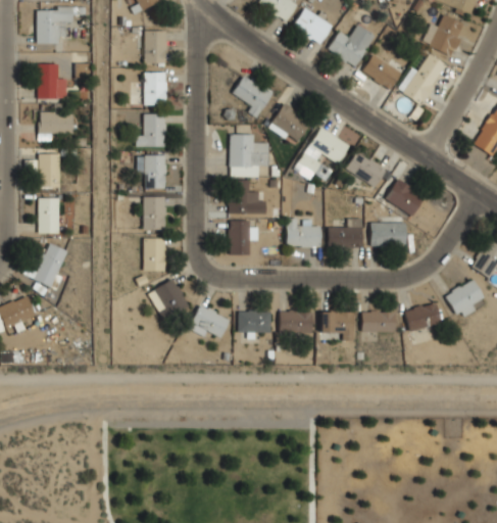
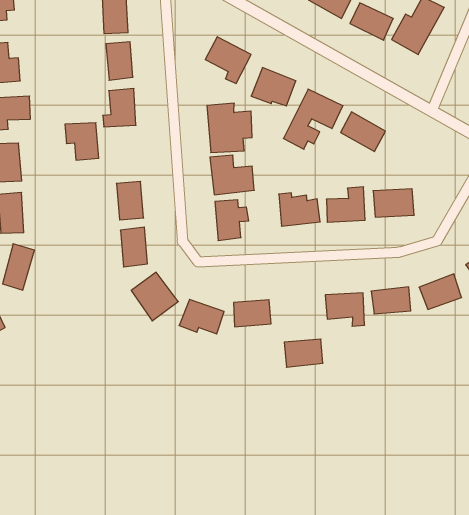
building: [138,154,165,187] -> [65,123,99,160]
building: [385,179,425,215] -> none
building: [280,311,312,333] -> [284,339,323,367]

